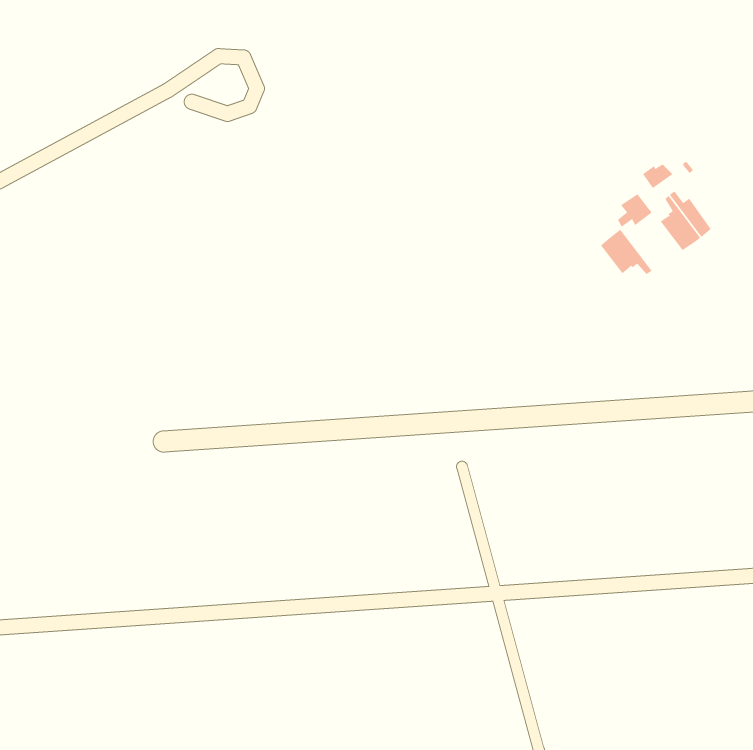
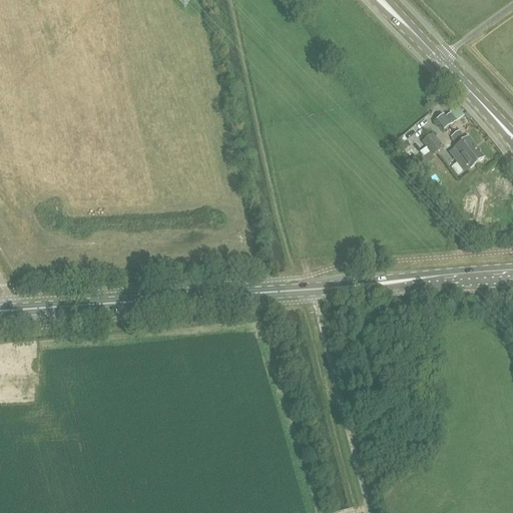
building: [600,229,653,275] -> none

